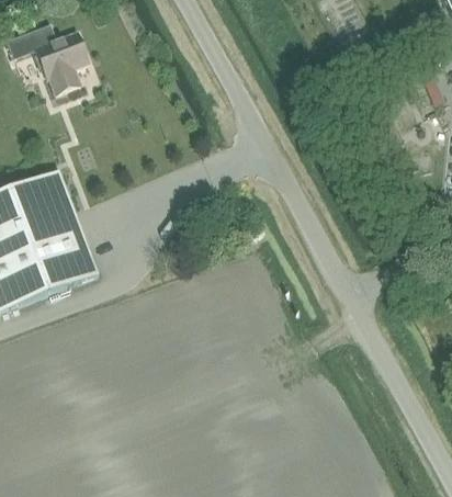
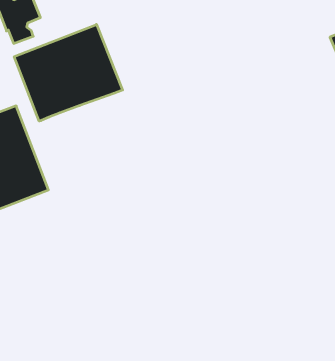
building: none -> [14,24,123,121]

